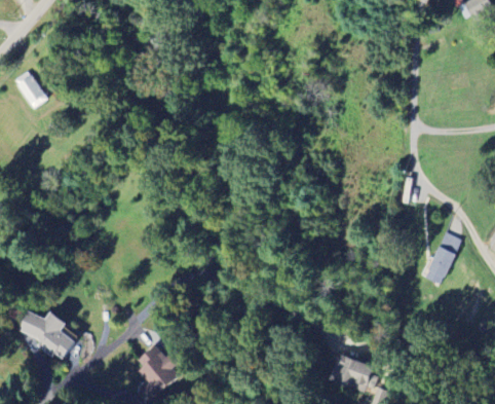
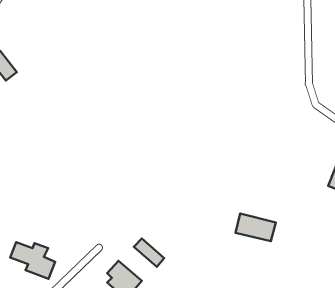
building: none -> [134,238,164,267]
building: [329,355,380,393] -> [236,213,276,241]

